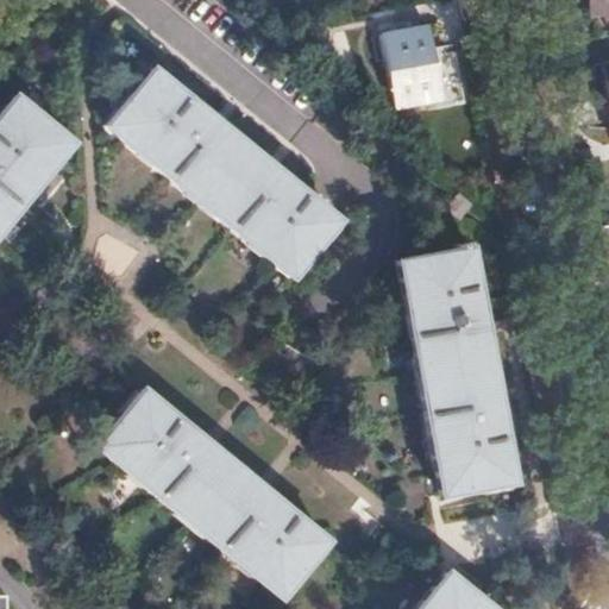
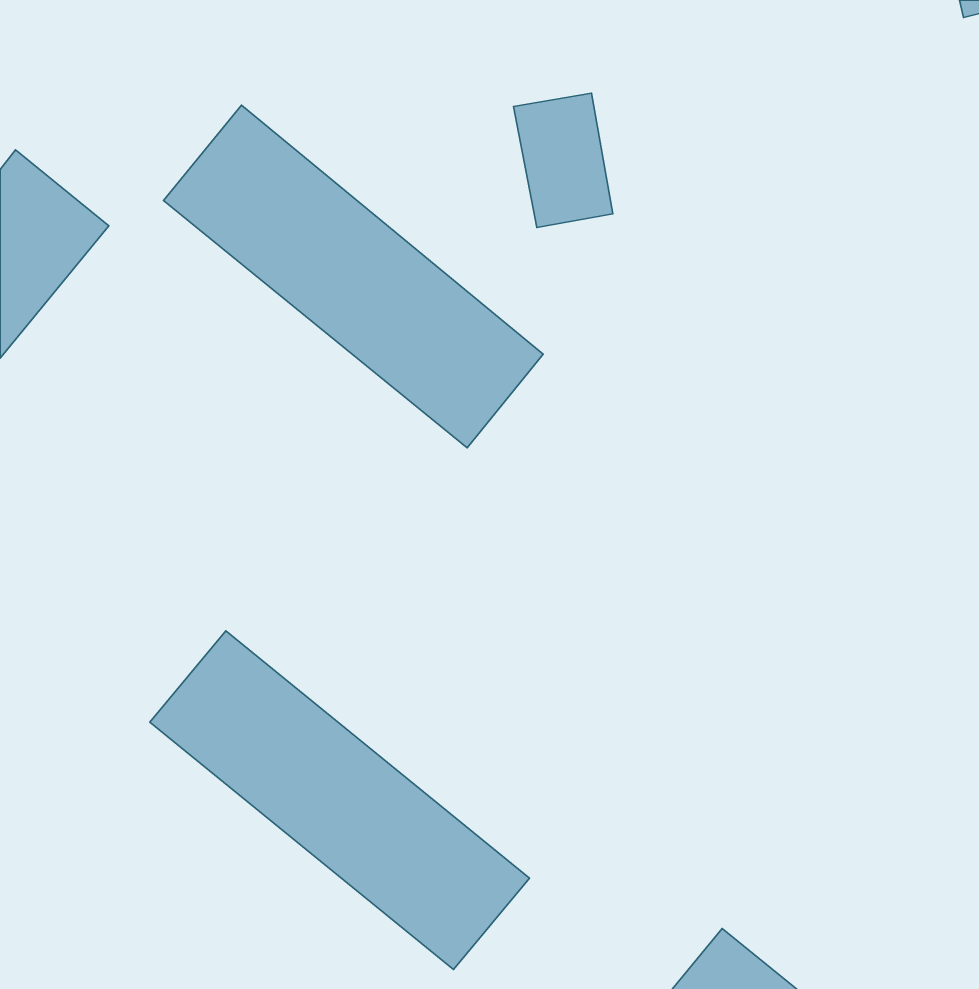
building: [387,24,447,106] -> [514,93,613,227]
building: [402,247,519,495] -> none

